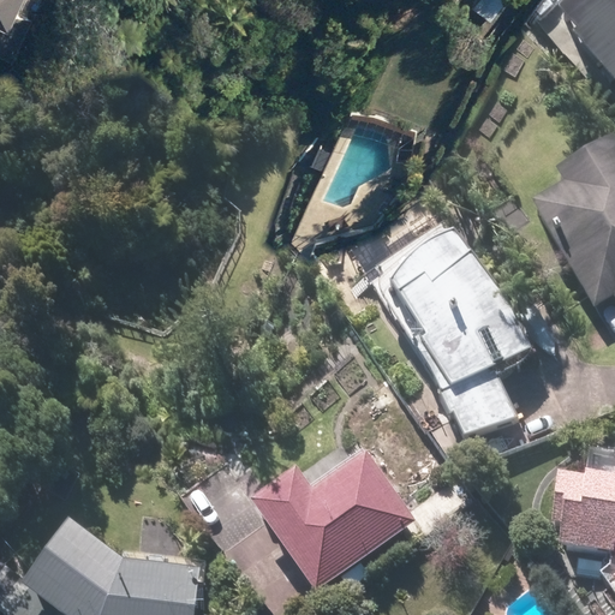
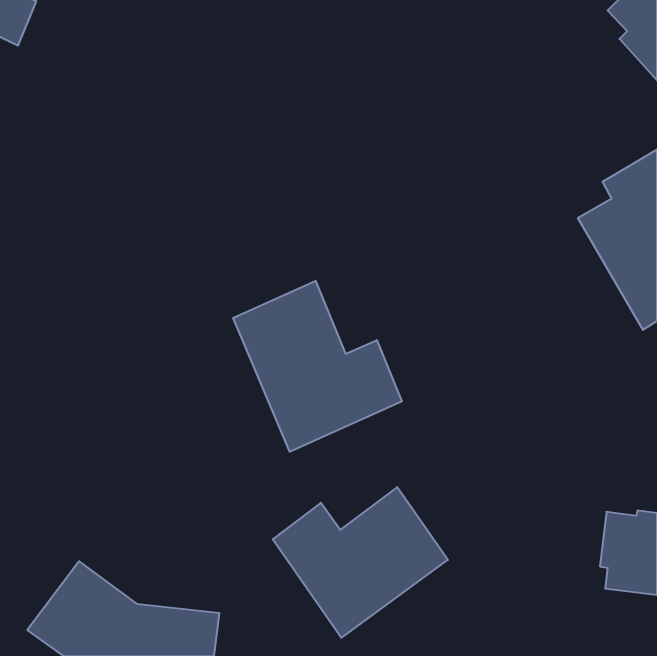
building: [398,234,531,432] -> none
building: none -> [233,281,402,452]

